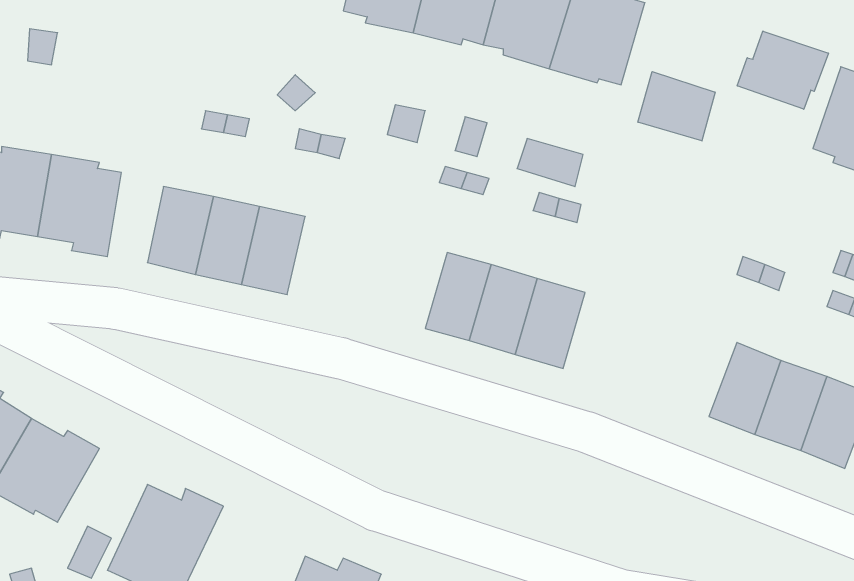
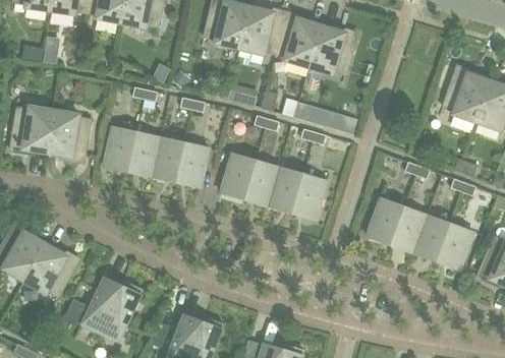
building: [737,31,828,109] -> none
building: [638,72,715,141] -> none
building: none -> [175,141,209,186]
building: none -> [221,153,257,198]
building: none -> [367,197,404,243]

